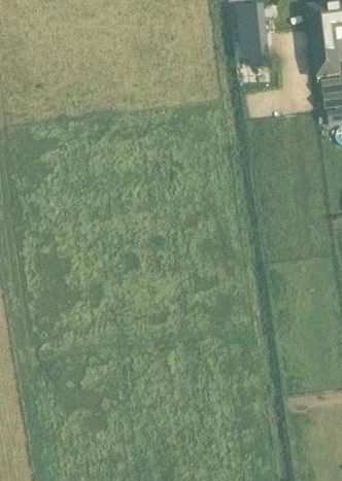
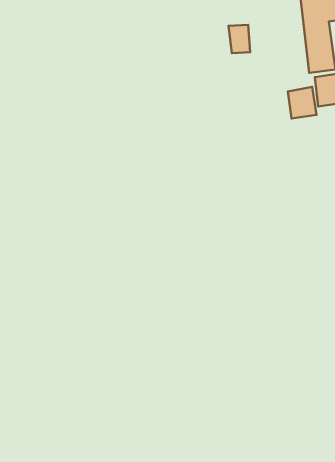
building: none -> [288,87,316,118]

